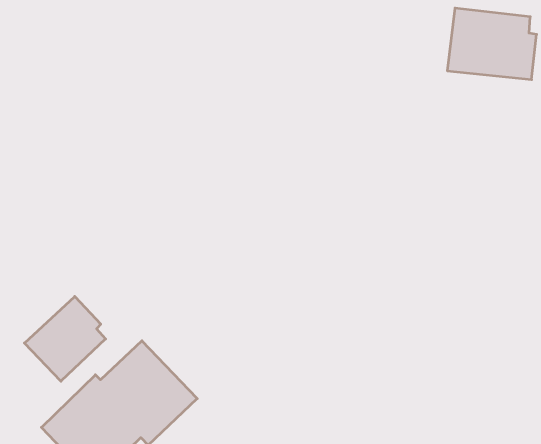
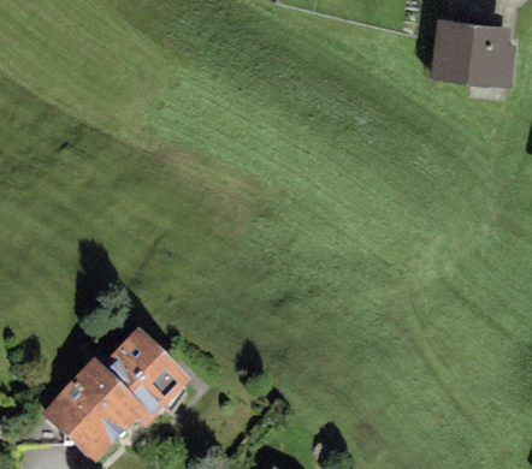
building: [24,296,106,381] -> none

